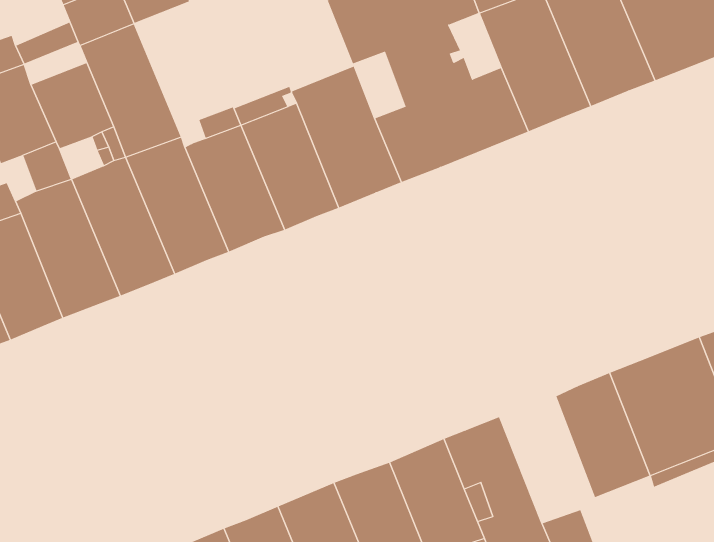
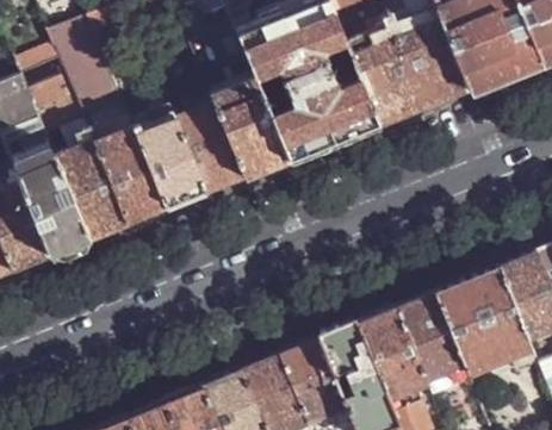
building: none -> [359,310,427,399]

